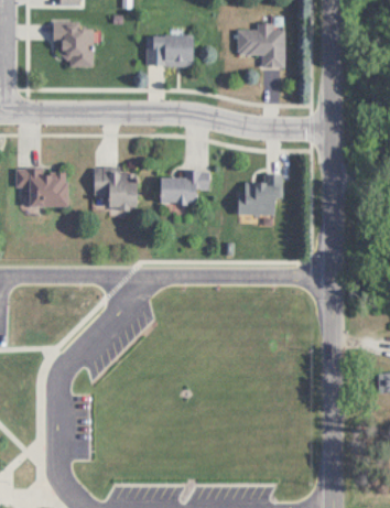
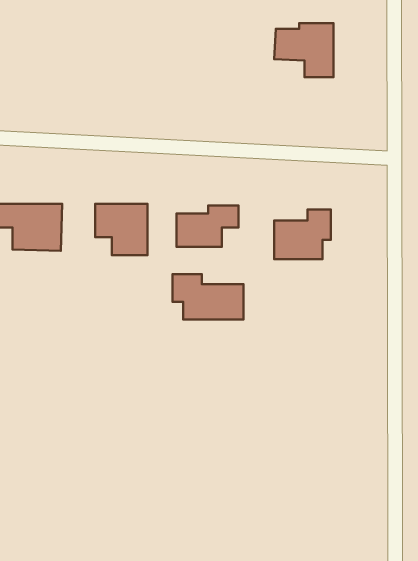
building: [54,23,93,68] -> none
building: [145,39,192,67] -> none
building: none -> [173,274,243,319]

